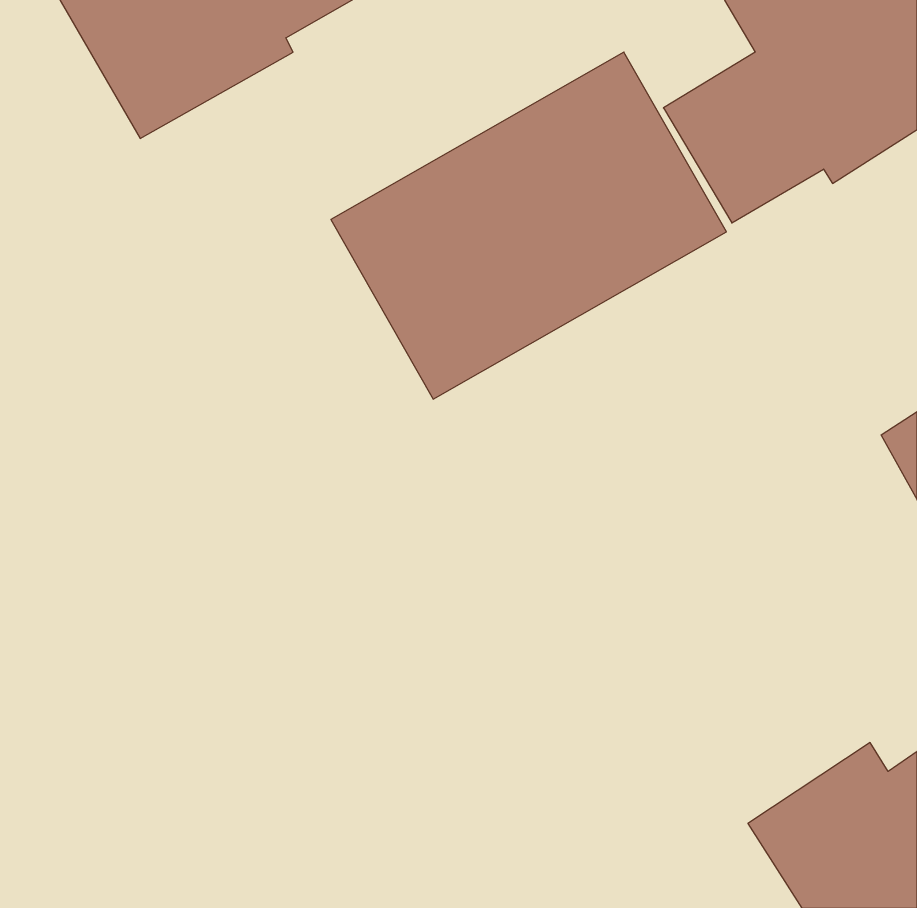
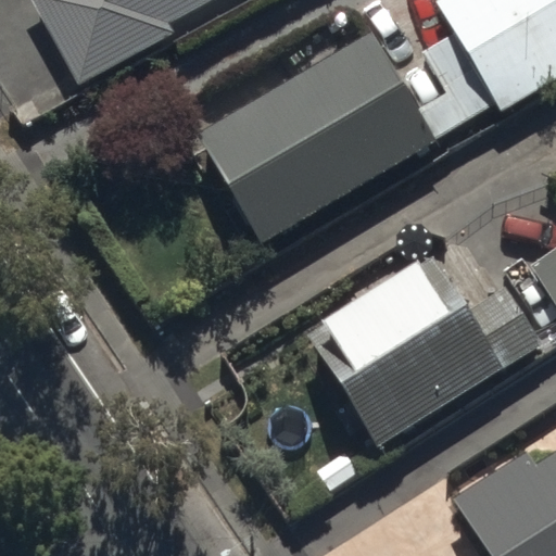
building: none -> [311,256,543,443]

